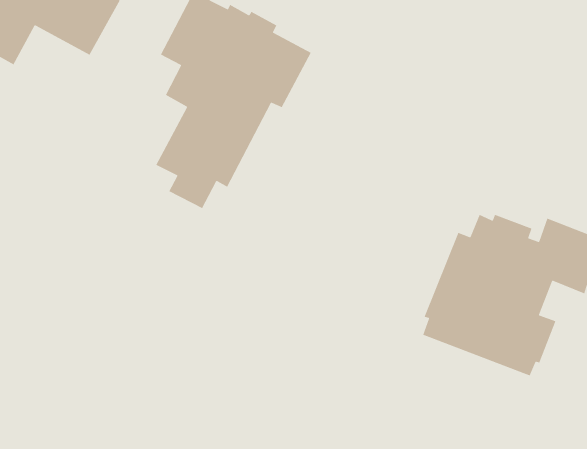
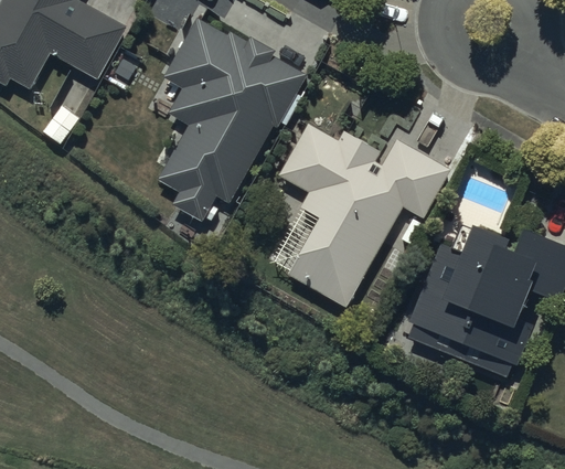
building: none -> [280,125,451,306]

